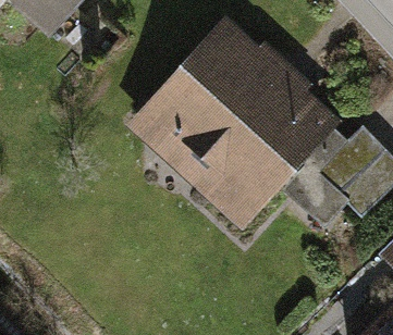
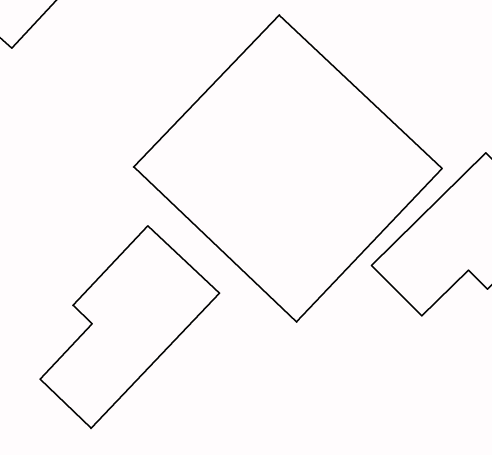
building: none -> [40,226,219,428]

